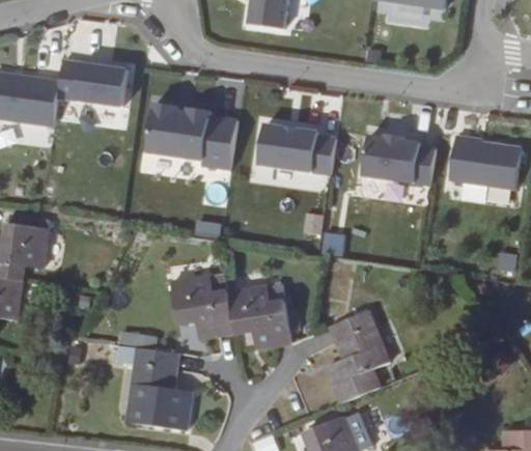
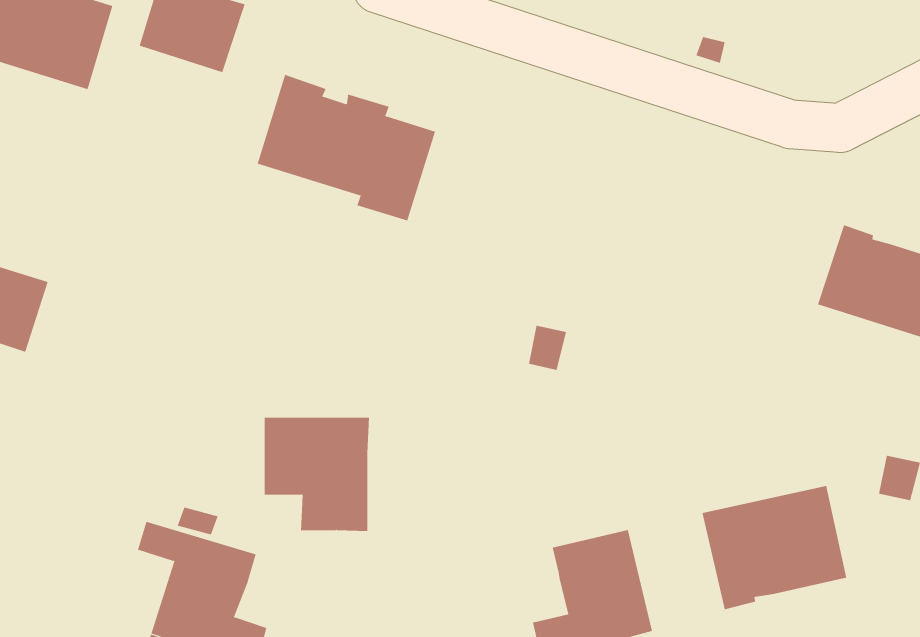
building: [258,124,335,174] -> none
building: [362,136,435,186] -> none
building: none -> [702,485,847,610]
building: [227,285,290,347] -> none

